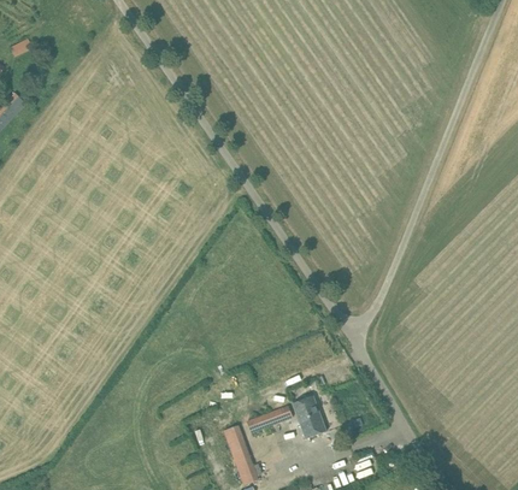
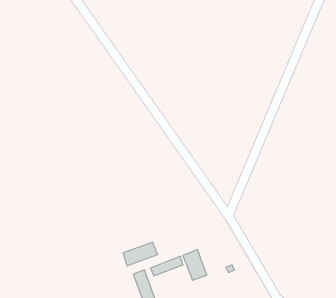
building: none -> [123,242,157,266]

